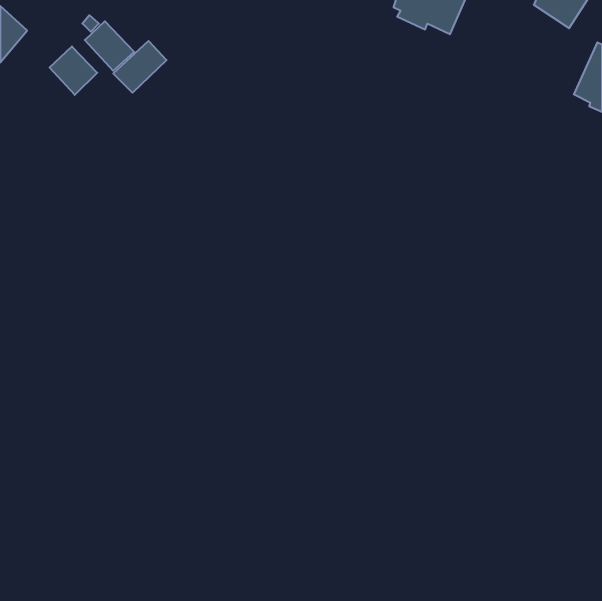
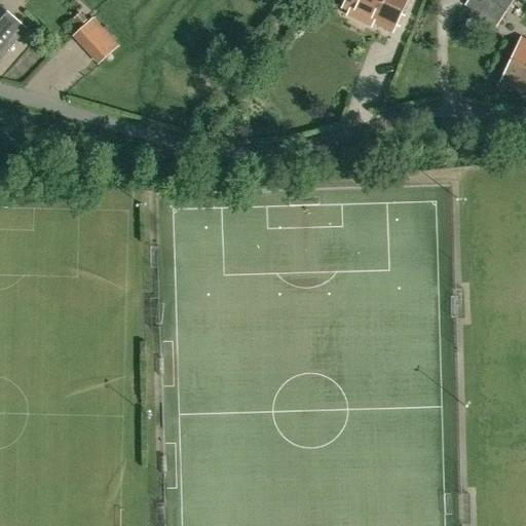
building: [113,41,167,93] -> none
building: [50,46,97,95] -> none

